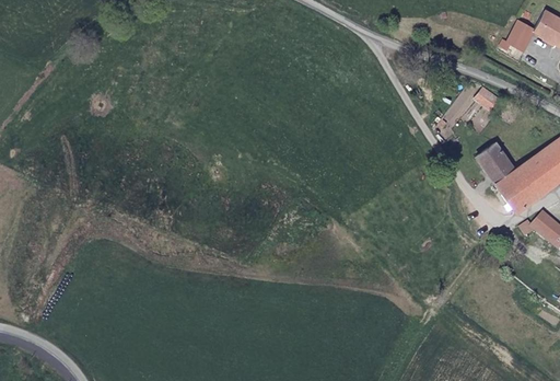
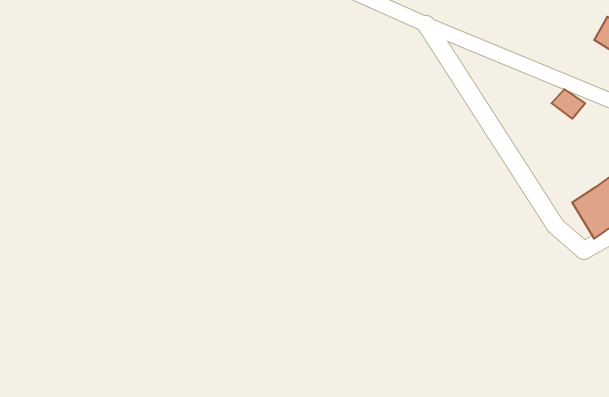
building: [475,141,514,182] -> none

